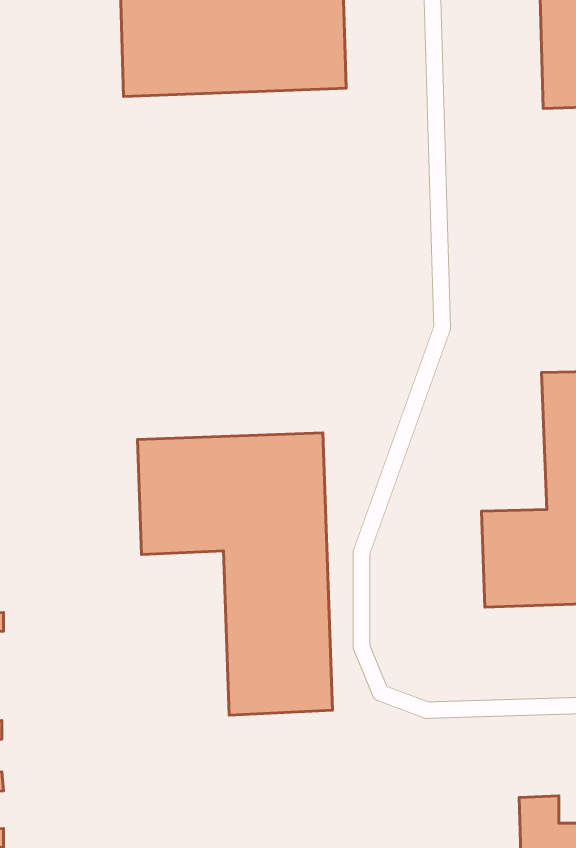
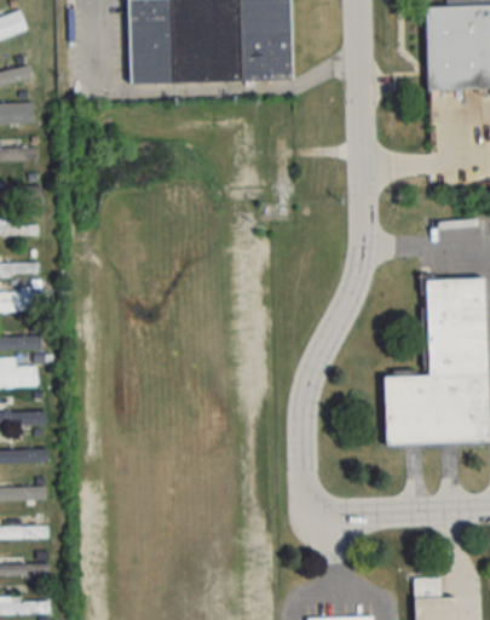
building: [138,433,332,715] -> none

